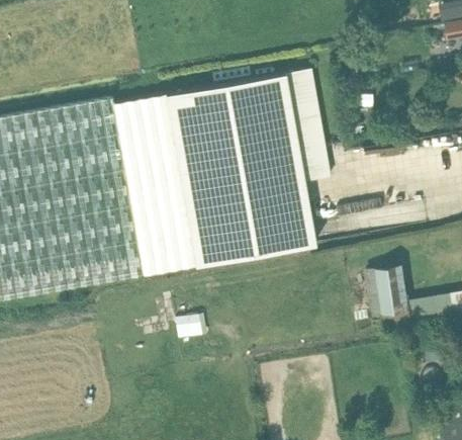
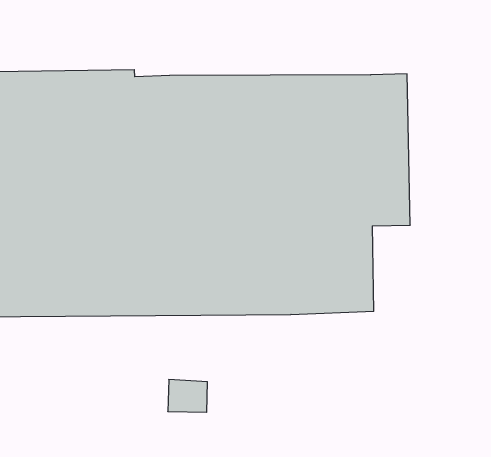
building: [362,265,404,319] -> none

